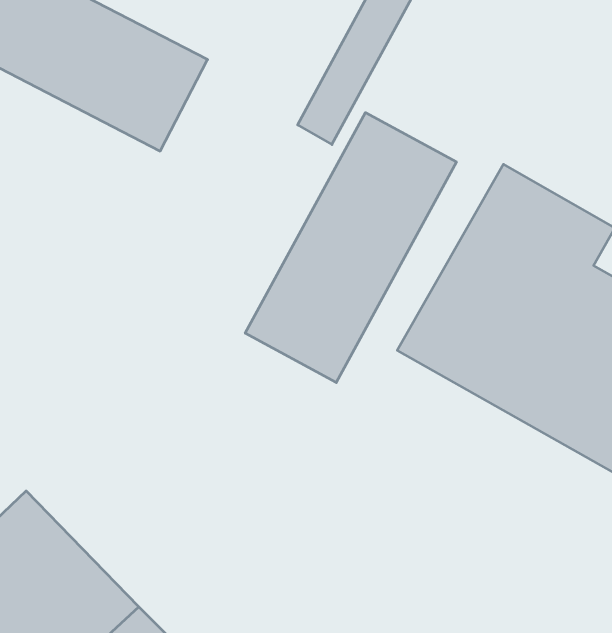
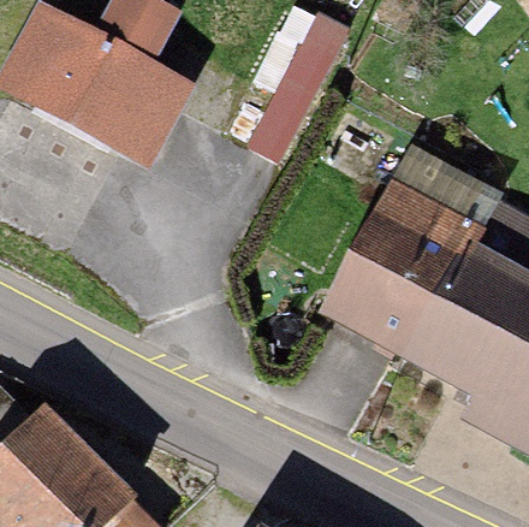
building: [245,113,456,383] -> none

